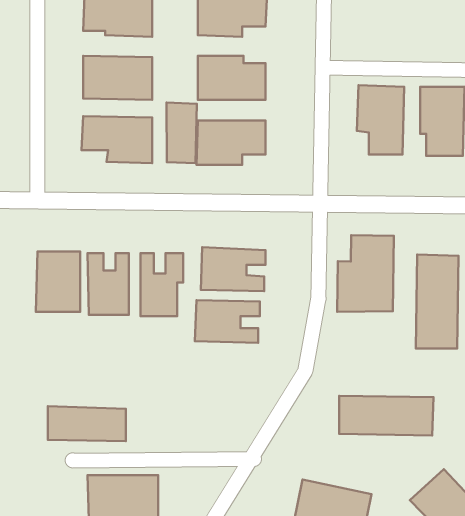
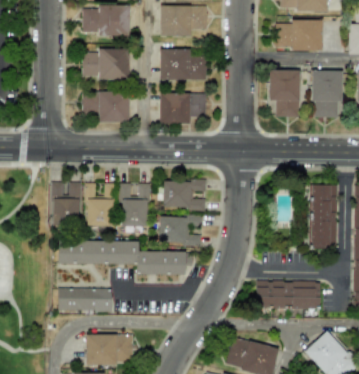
building: none -> [276,19,323,50]
building: [167,103,197,163] -> none
building: [337,235,394,312] -> none
building: none -> [59,240,194,274]

